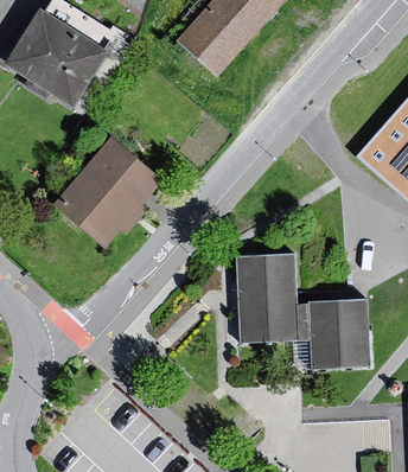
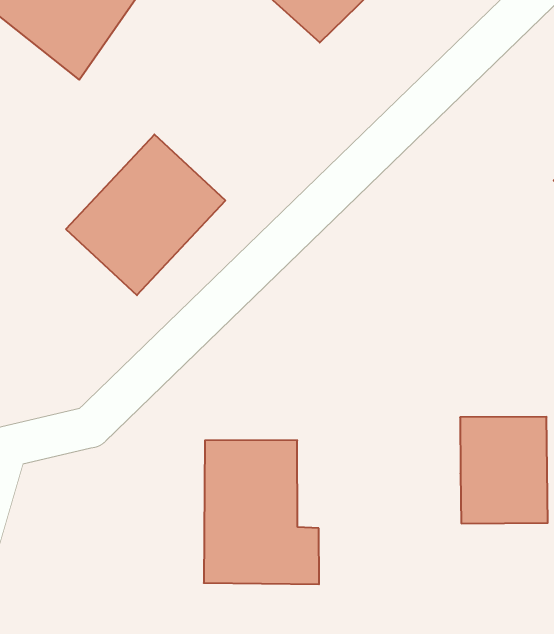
building: [237,251,313,343] -> [204,440,319,584]

